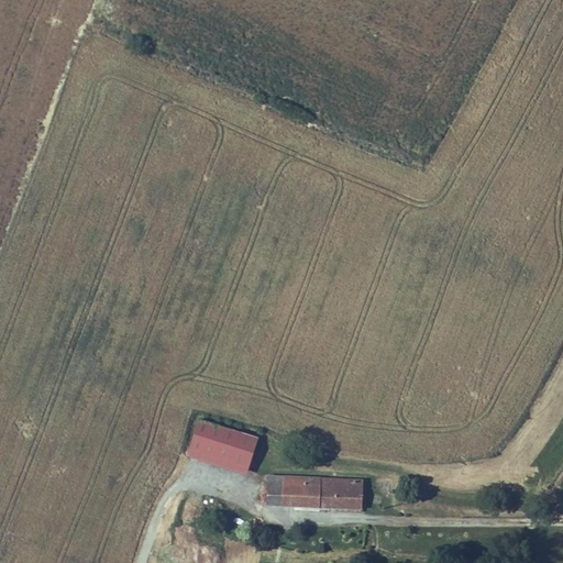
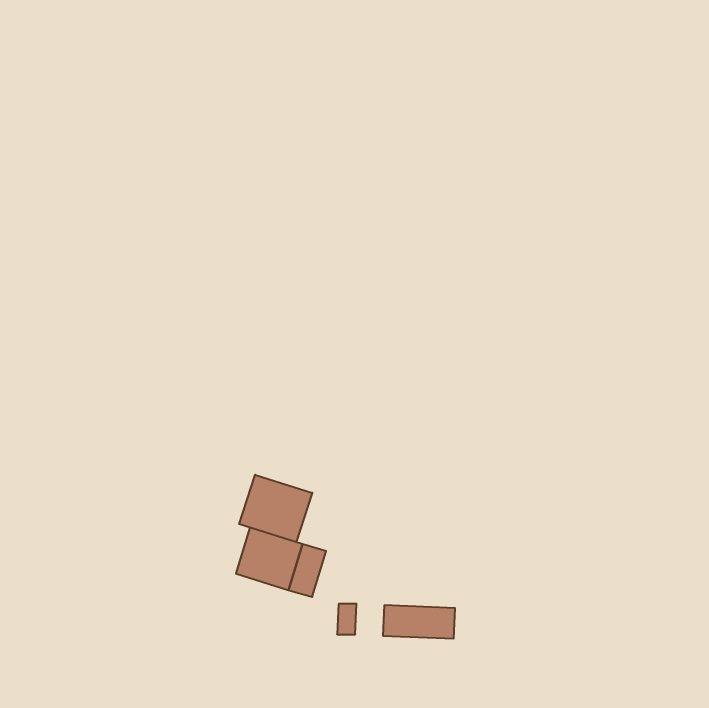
building: none -> [239,475,312,542]
building: [282,479,305,505] -> none

